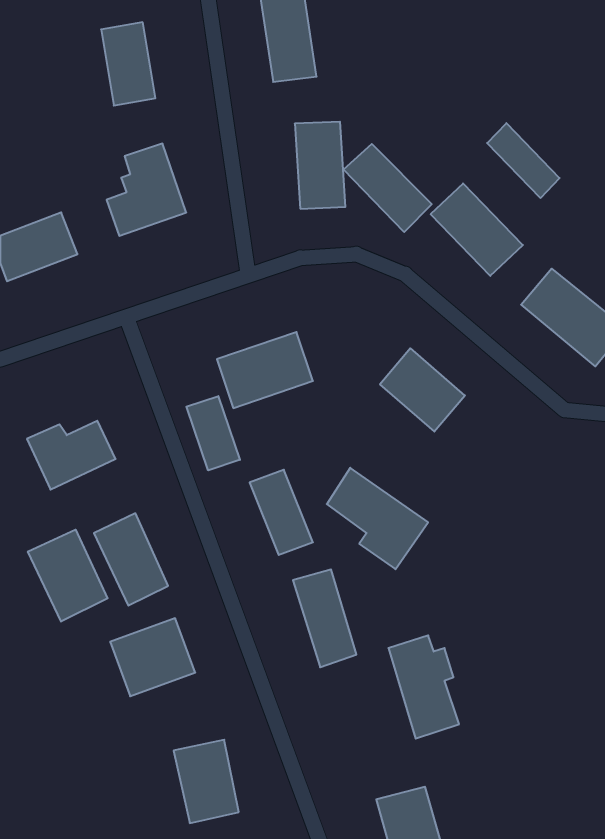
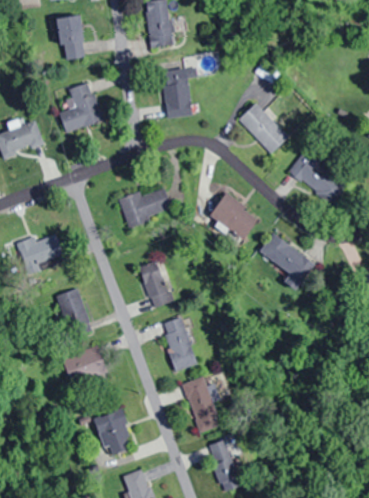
building: [487,123,560,198] -> none
building: [344,144,432,232] -> none
building: [186,396,240,470] -> none
building: [327,468,428,569] -> [259,233,315,289]
building: [28,530,108,622] -> none
building: [388,635,459,739] -> [183,376,222,433]

